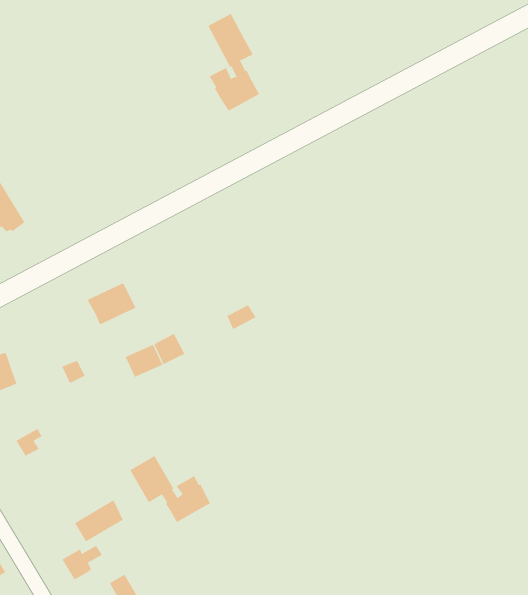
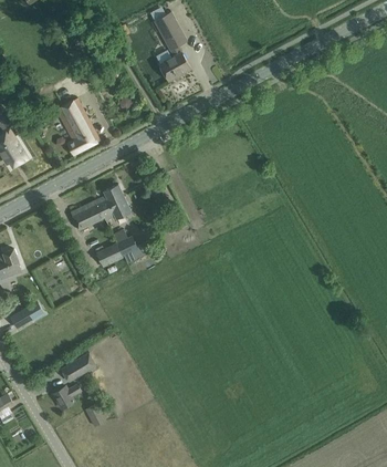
building: none -> [54,97,98,155]
building: none -> [94,184,129,220]
building: [129,455,211,523] -> none

